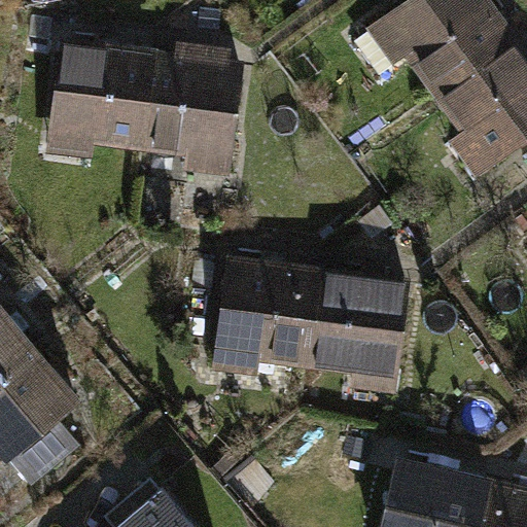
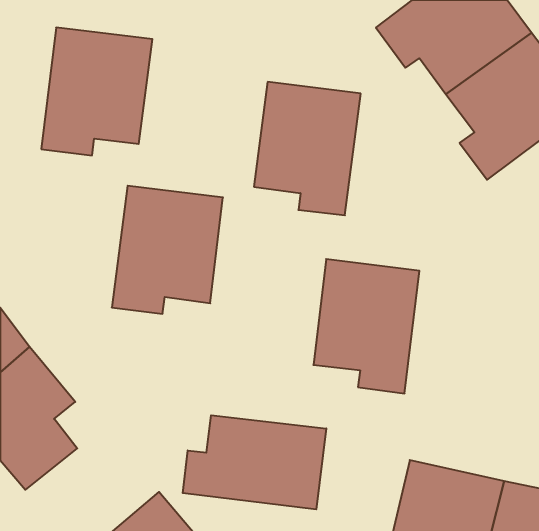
building: [137,47,241,177] -> [254,82,361,215]
building: [211,250,319,375] -> [112,186,223,314]
building: none -> [183,415,326,509]

